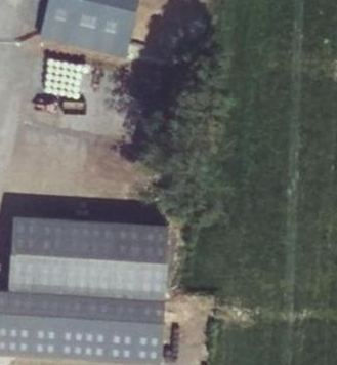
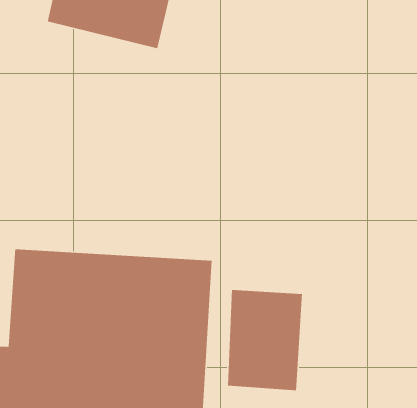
building: none -> [227,289,303,391]

